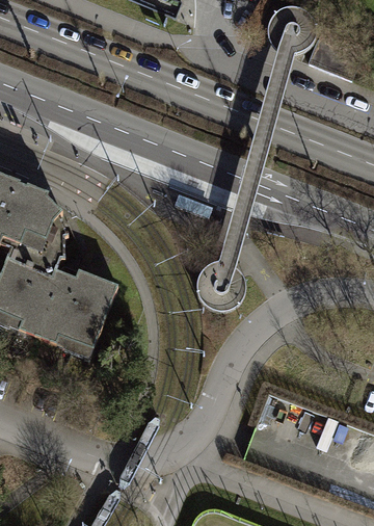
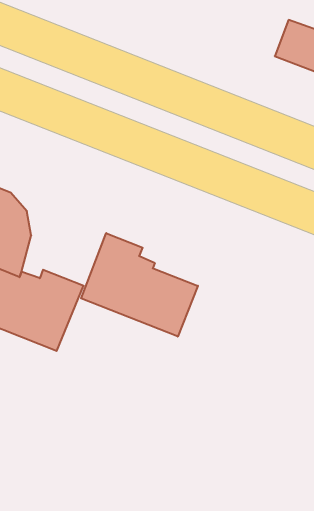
building: none -> [81,233,198,337]

